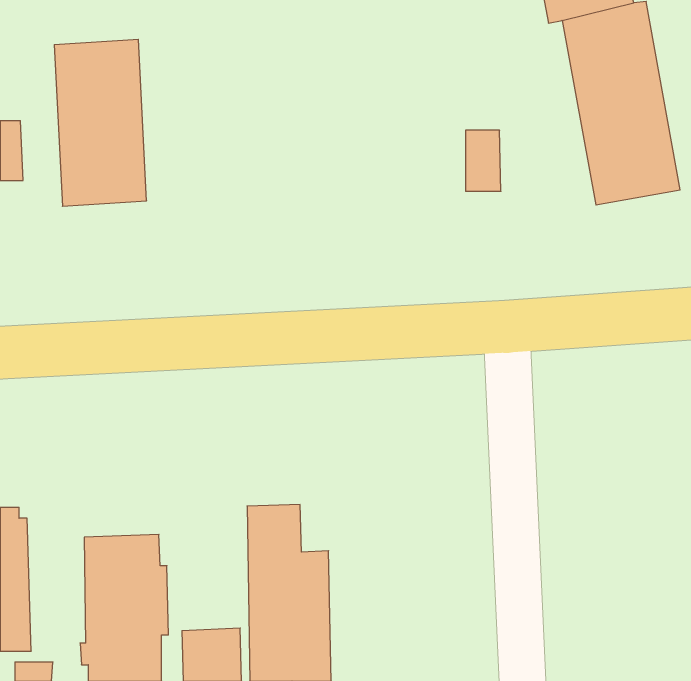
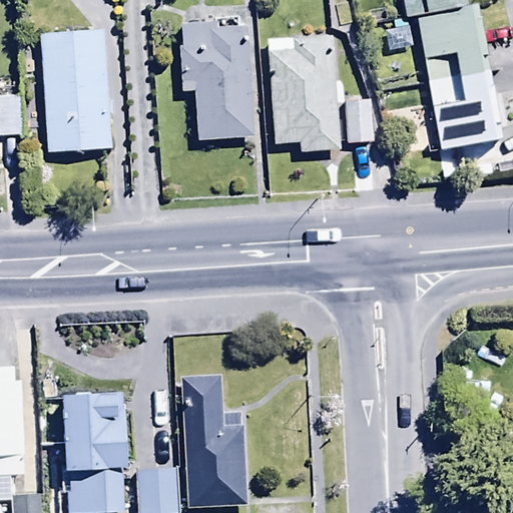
building: none -> [178,19,253,142]
building: none -> [272,35,341,151]

